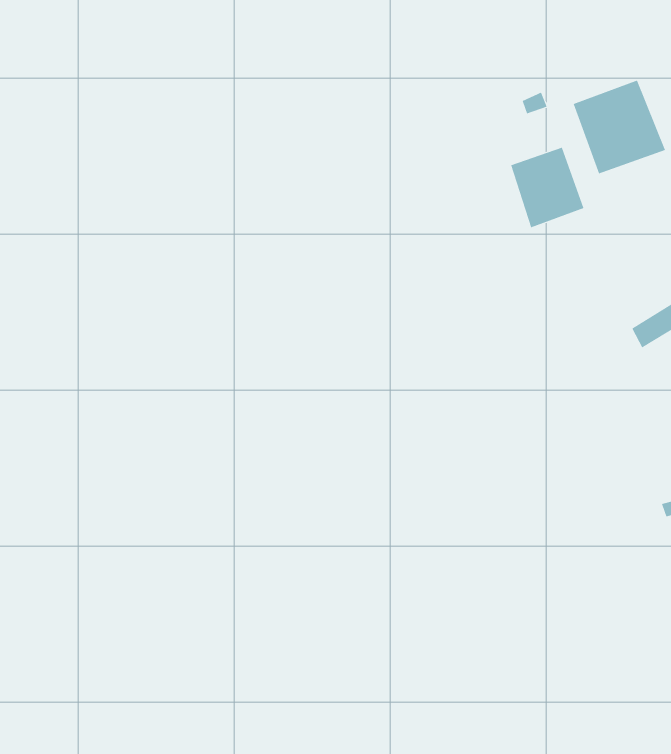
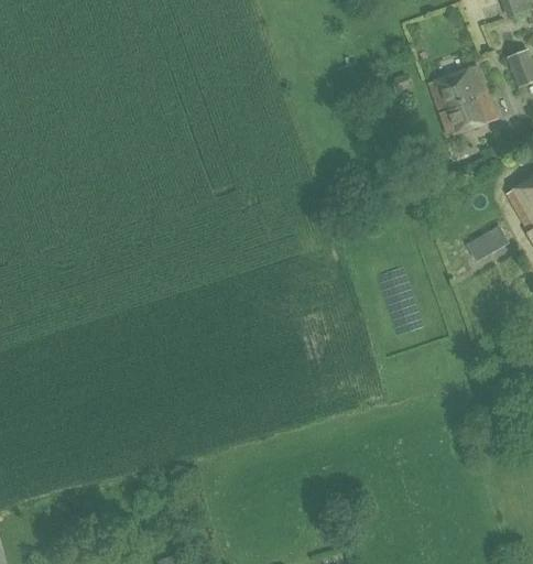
building: [510,147,584,228] -> none

